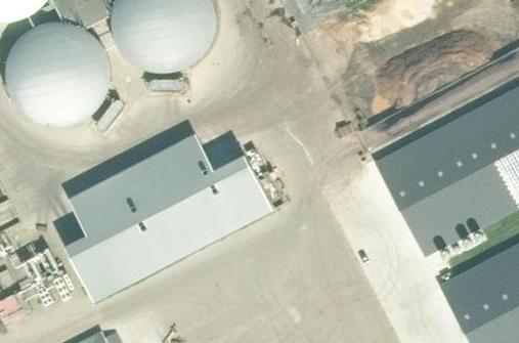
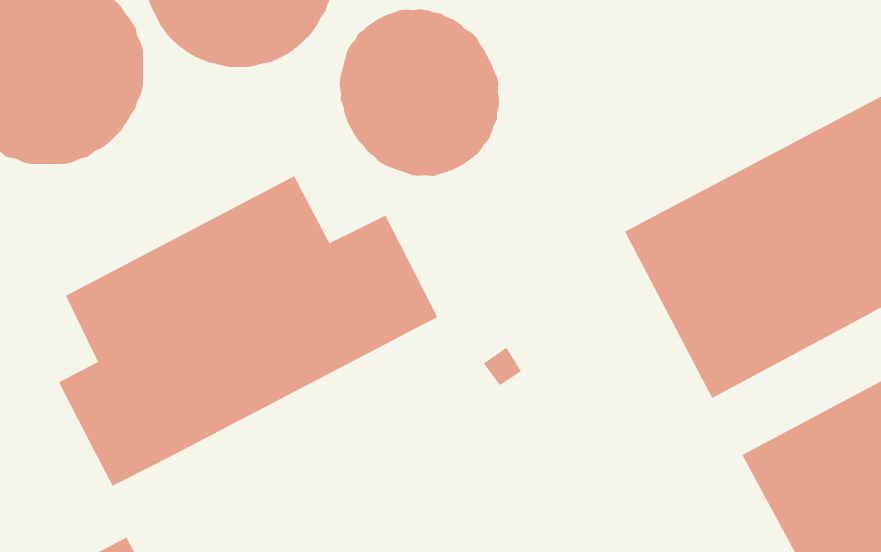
building: none -> [339,8,500,177]

